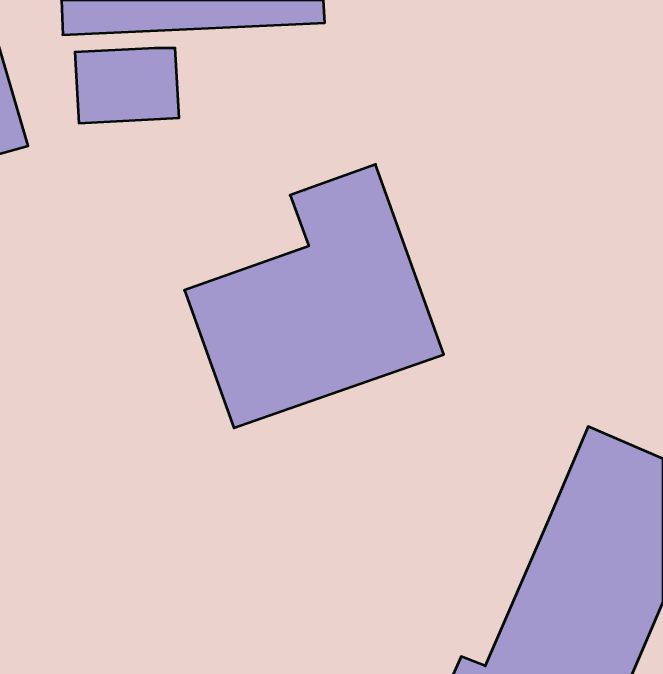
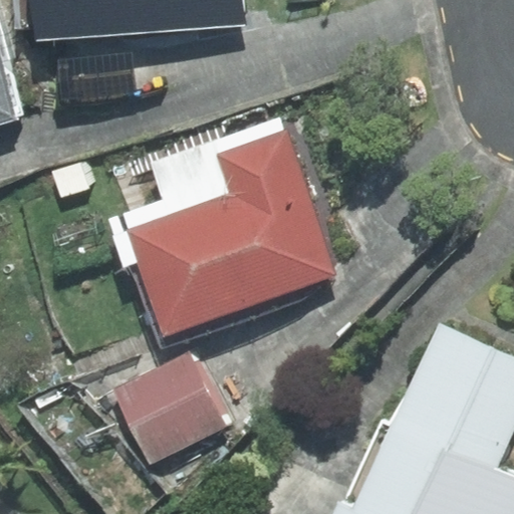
building: none -> [112,353,222,463]

